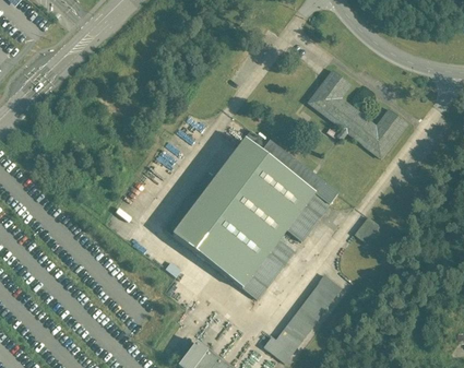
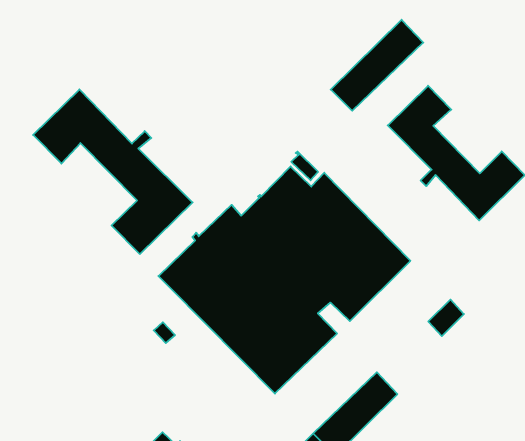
building: none -> [331,20,423,111]
building: none -> [33,89,193,254]

